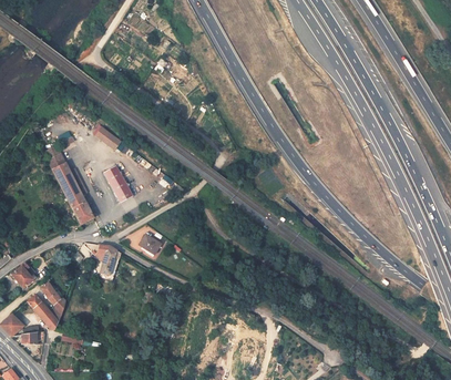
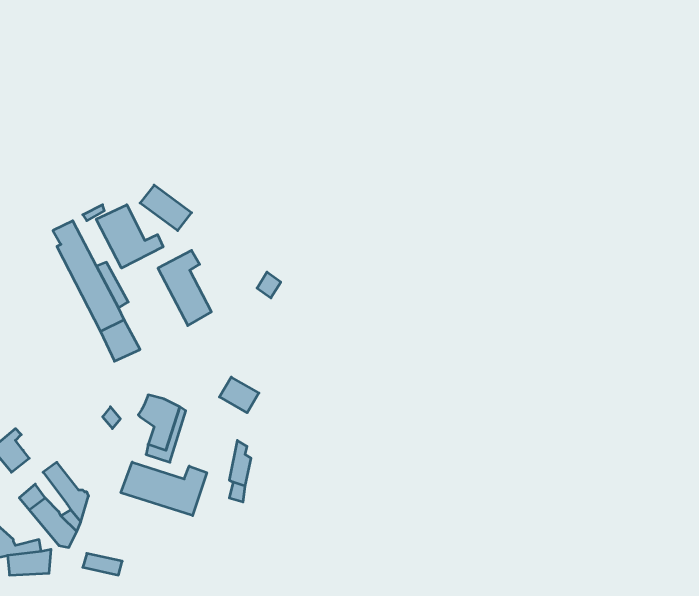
building: none -> [96,205,163,268]
building: none -> [121,462,207,516]

